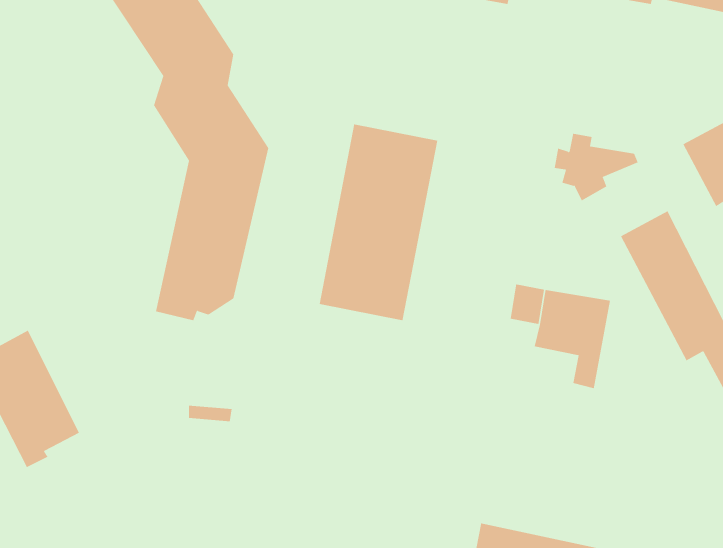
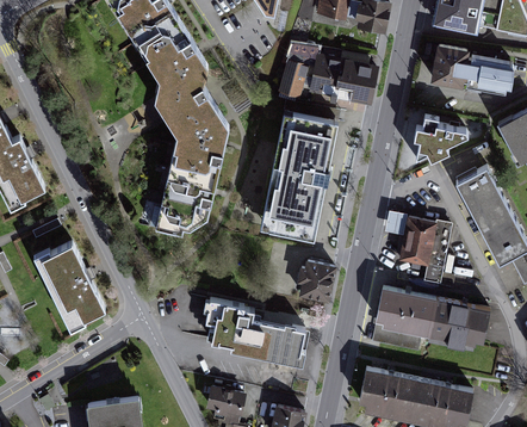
building: none -> [433,45,514,92]
building: none -> [281,48,373,101]
building: none -> [299,260,336,302]
building: none -> [372,290,489,351]
building: none -> [204,301,305,365]

